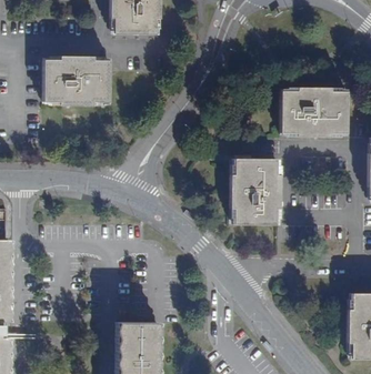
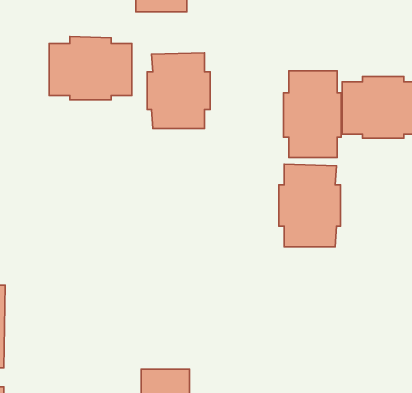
building: none -> [147,53,210,128]
building: none -> [284,71,341,158]

